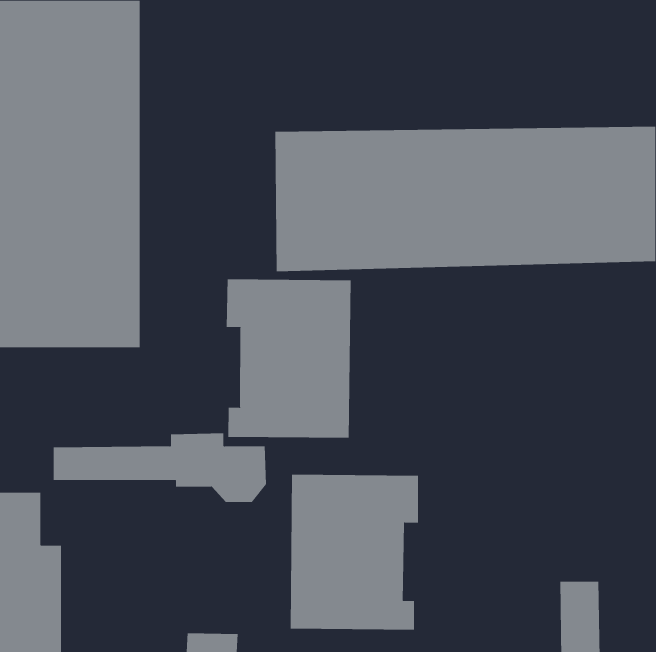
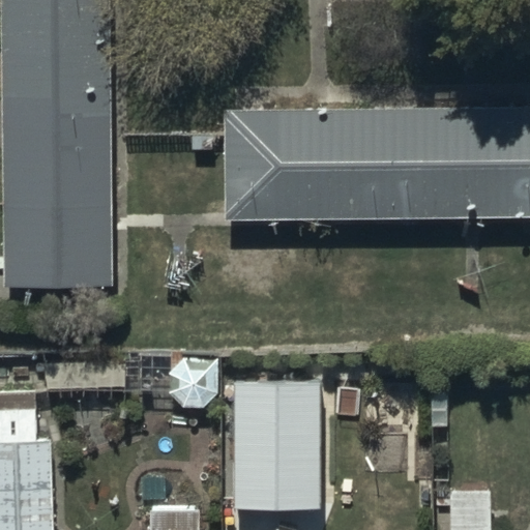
building: [226,278,351,439] -> none

